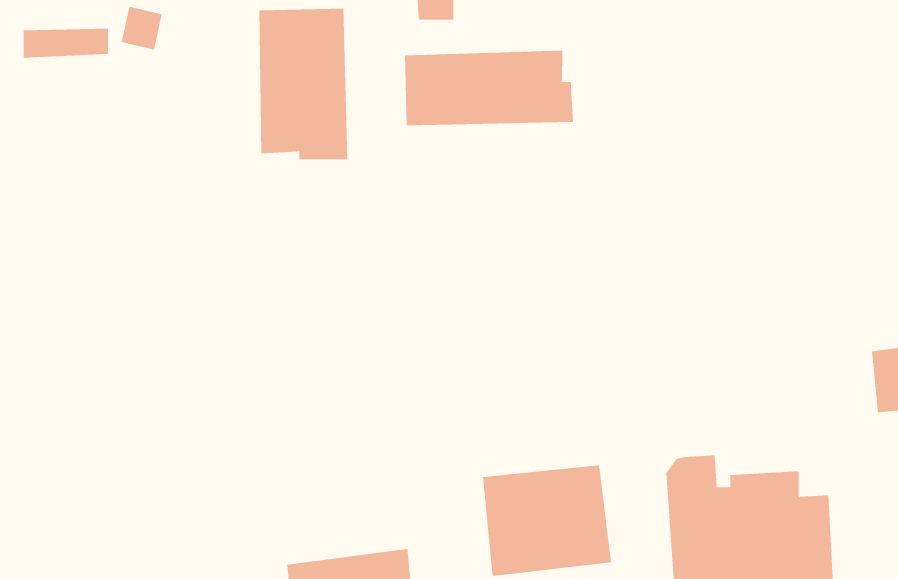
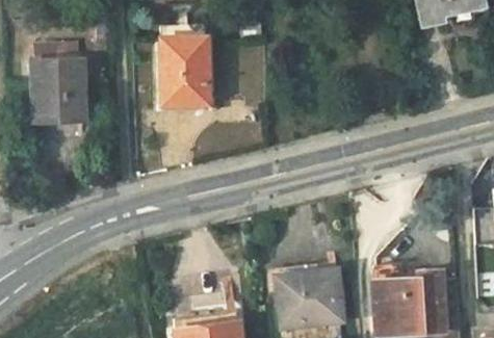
building: [405,50,573,126] -> none
building: none -> [32,59,83,118]

